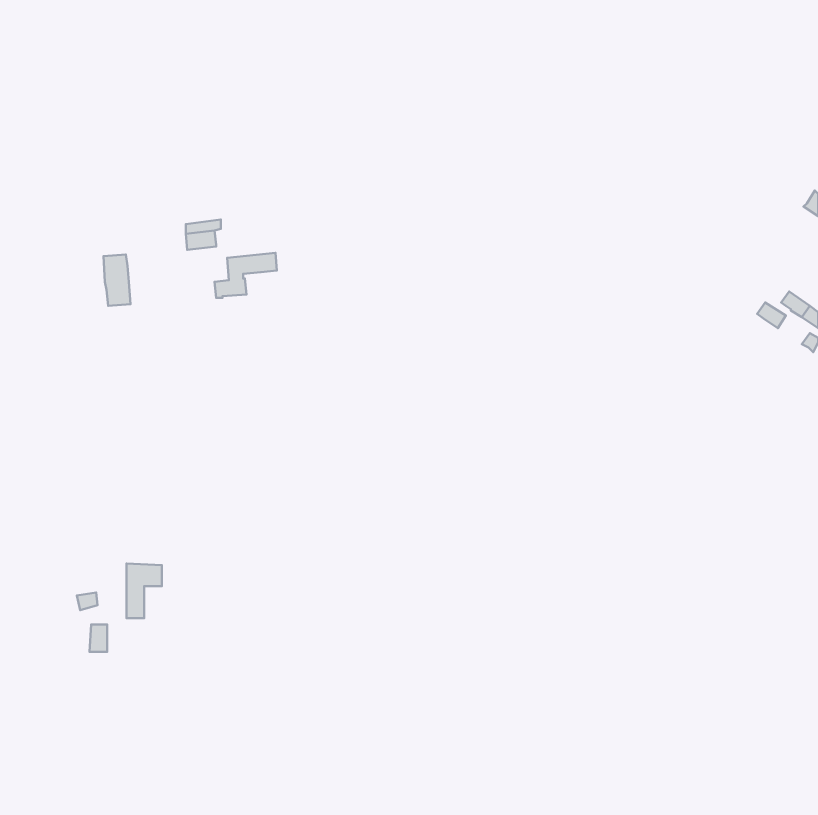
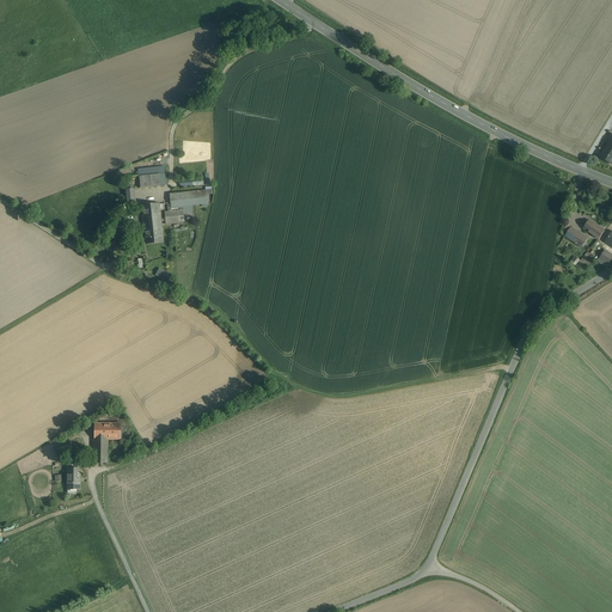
building: [103,255,131,306] -> [142,202,163,240]

